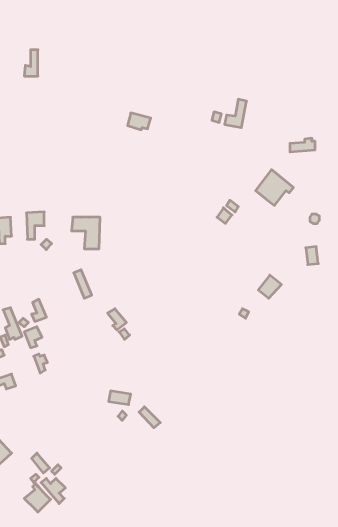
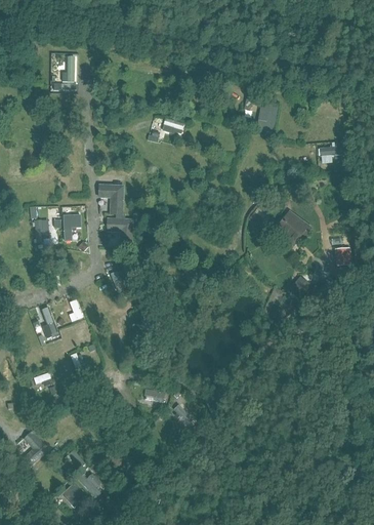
building: [256,170,293,205] -> [274,210,310,245]
building: none -> [98,185,125,219]

